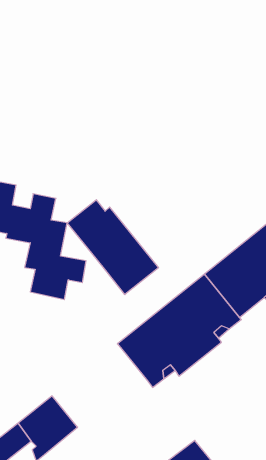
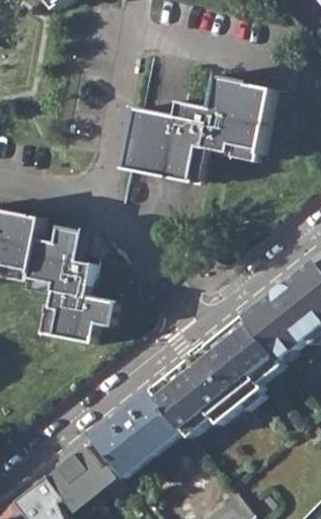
building: none -> [129,76,276,179]
building: [67,200,158,295] -> none
building: none -> [91,391,183,478]

